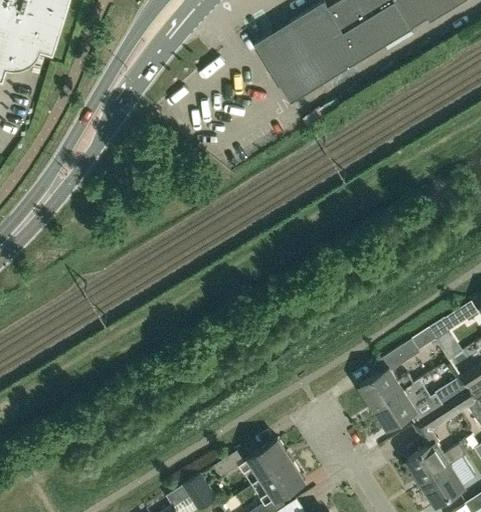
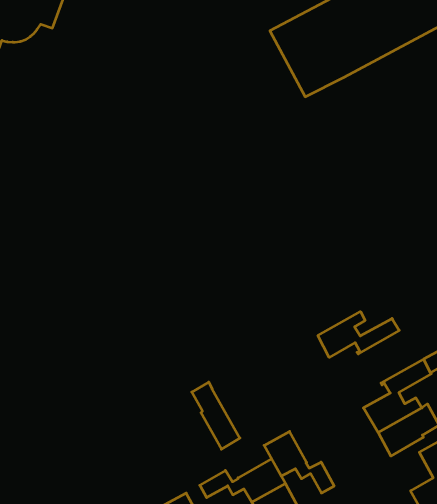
building: none -> [318,312,399,357]
building: none -> [192,382,240,449]
building: none -> [264,431,334,493]

